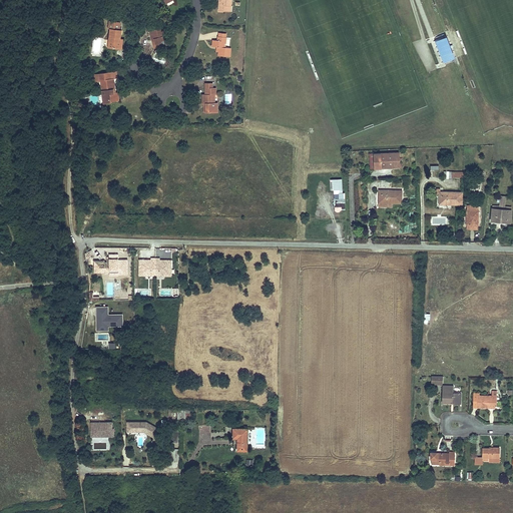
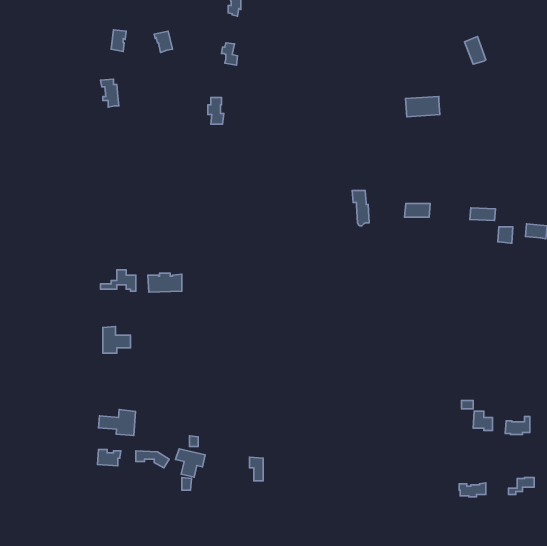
building: [369,151,401,170] -> [406,96,440,117]
building: none -> [99,409,135,436]
building: none -> [176,449,205,477]

